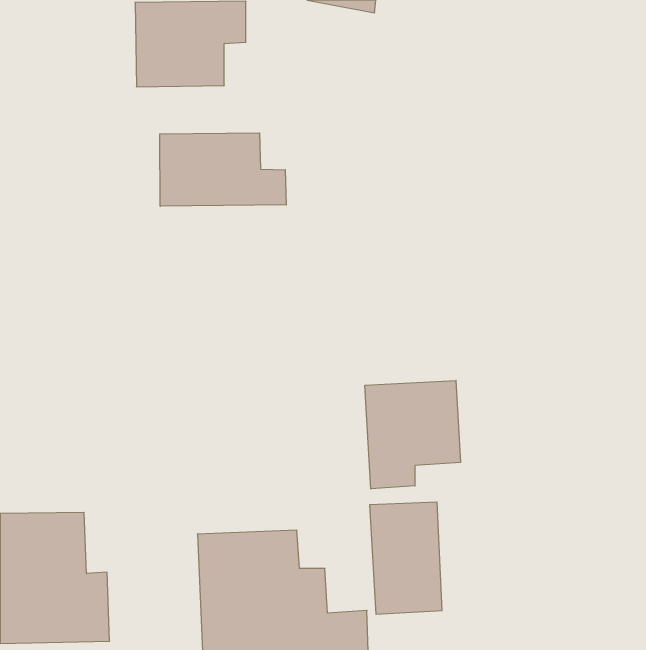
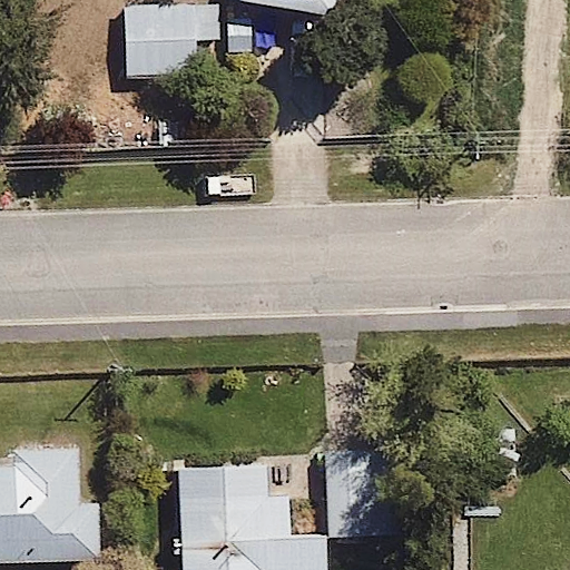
building: [160,133,286,206] -> none
building: [365,380,460,489] -> none

